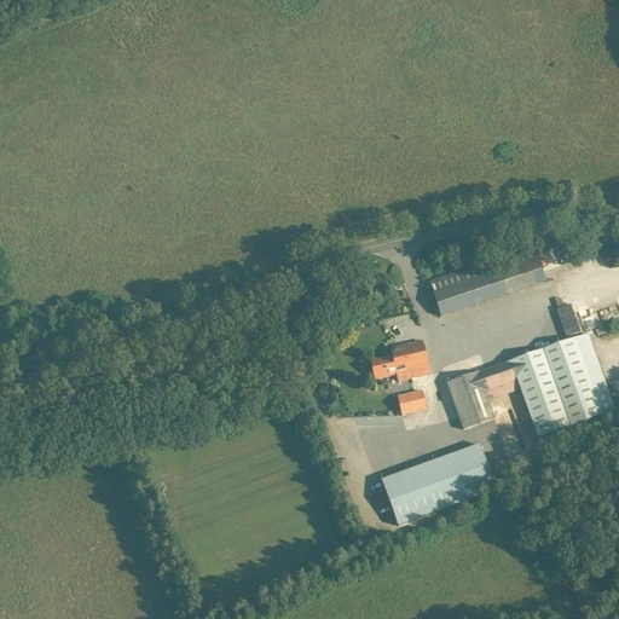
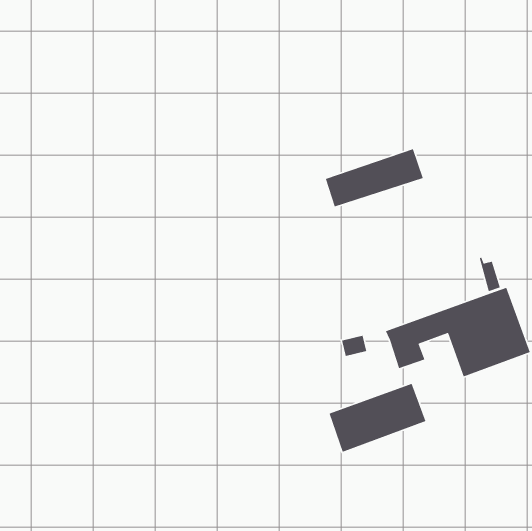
building: [429,245,544,314] -> [325,148,424,208]
building: [370,340,429,380] -> none

